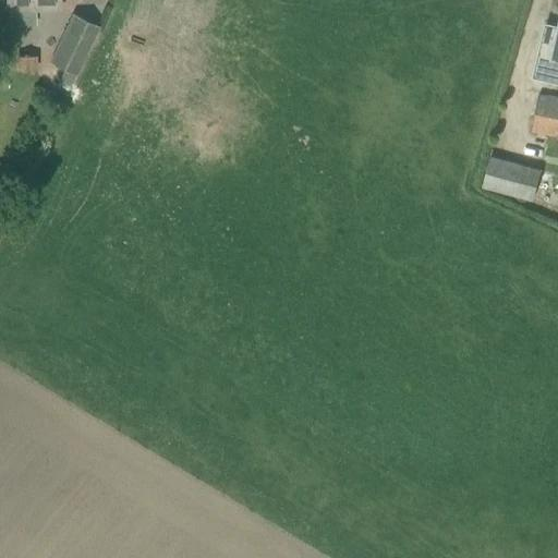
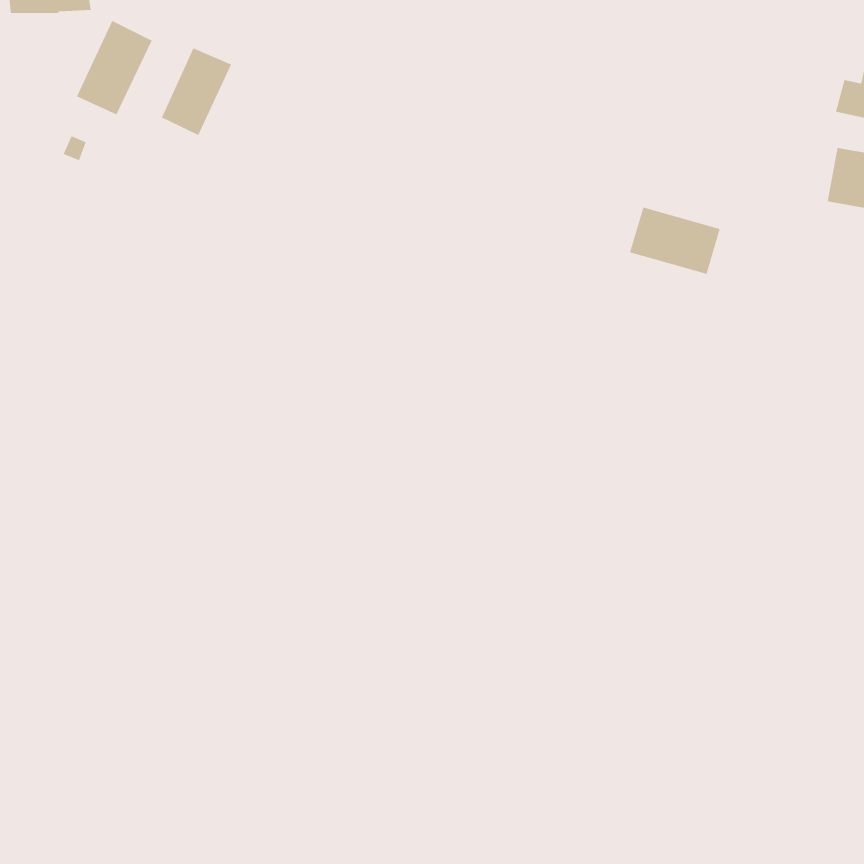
building: none -> [161,47,232,136]
building: [483,156,542,199] -> [629,207,721,275]

